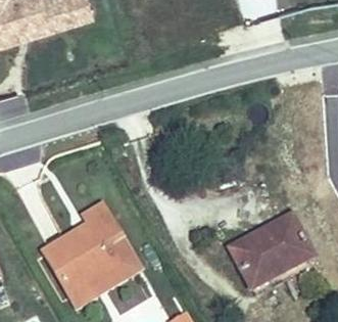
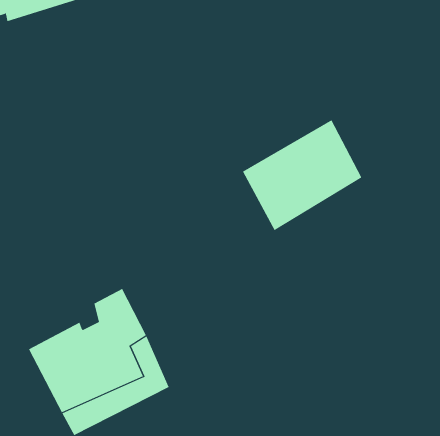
building: [226,213,306,287] -> [242,120,362,231]

